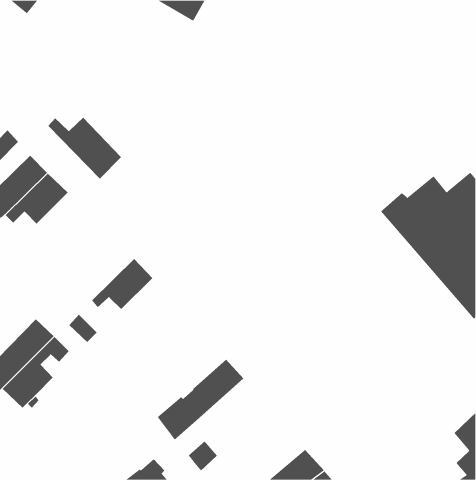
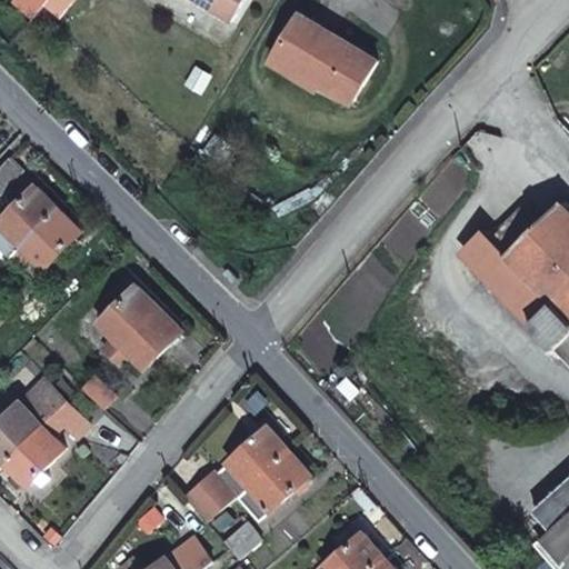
building: none -> [271,12,372,99]
building: [47,117,122,179] -> none
building: none -> [99,283,159,356]
building: none -> [237,448,310,518]

